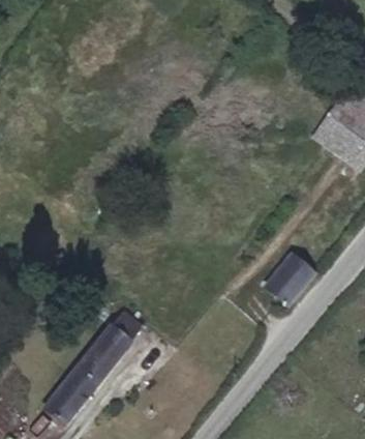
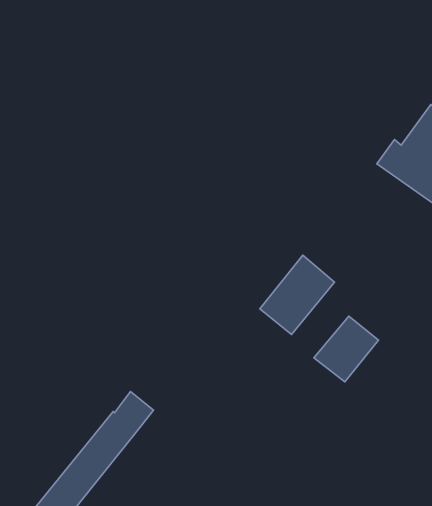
building: none -> [260,255,335,334]

